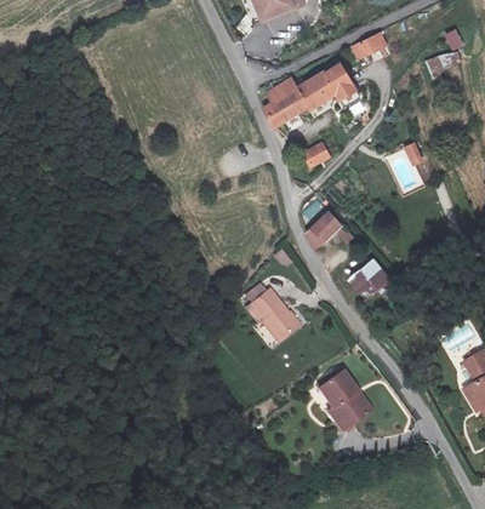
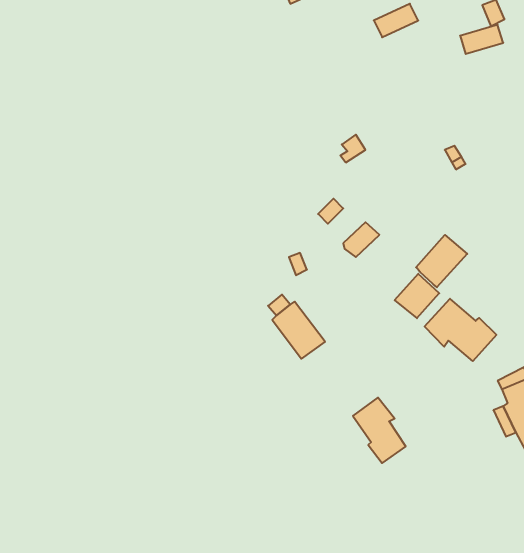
building: [266,67,361,127] -> none
building: none -> [416,235,467,287]
building: none -> [425,299,496,361]

